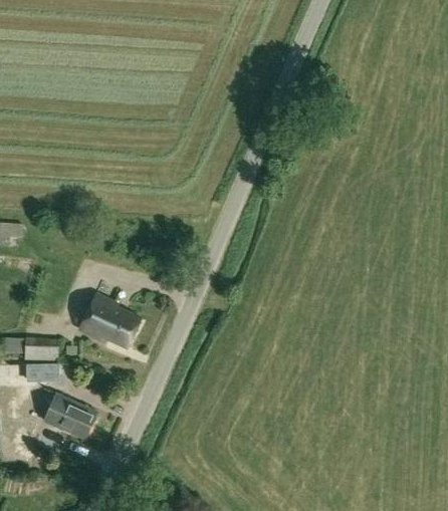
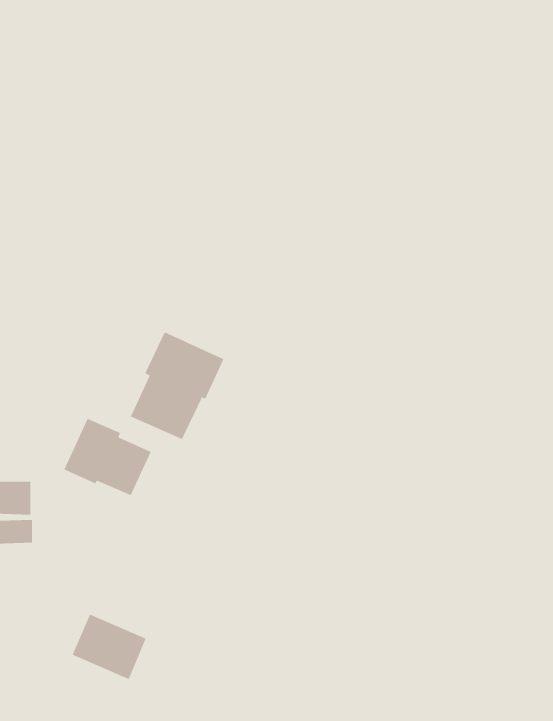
building: none -> [130,331,224,440]
building: [44,394,95,439] -> [72,614,147,680]

